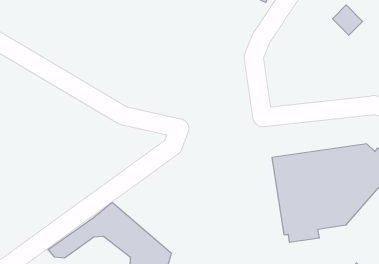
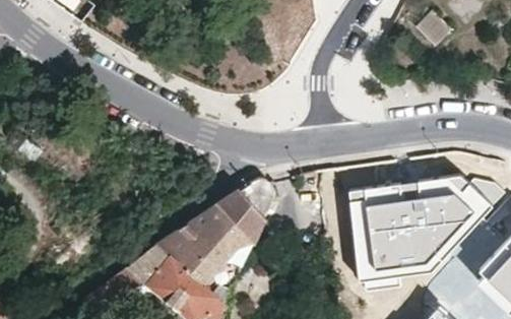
building: none -> [157,176,279,302]

